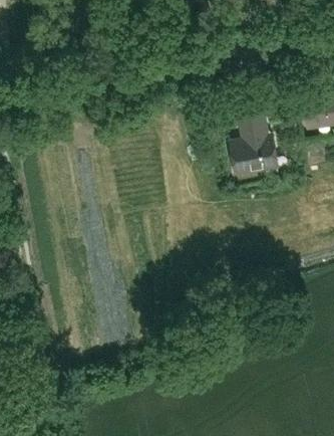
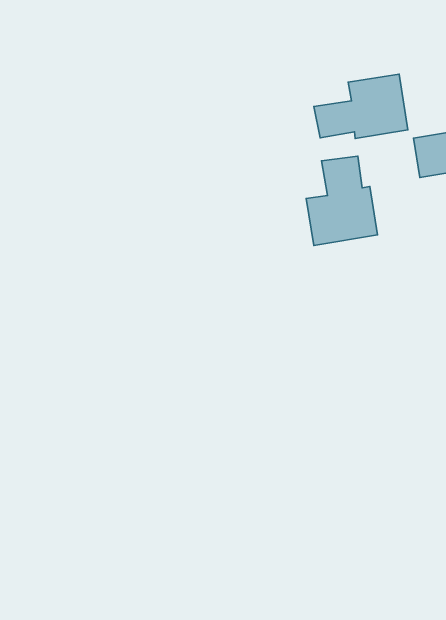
building: none -> [314,74,408,139]

